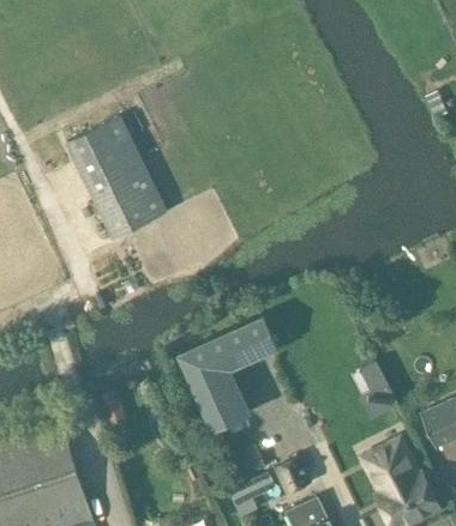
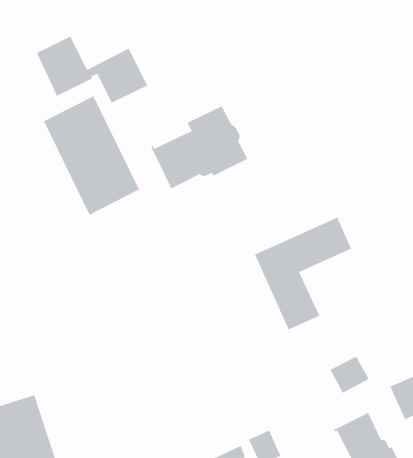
building: none -> [35,35,148,104]
building: none -> [150,105,248,189]
building: [178,316,277,431] -> [254,217,352,330]

